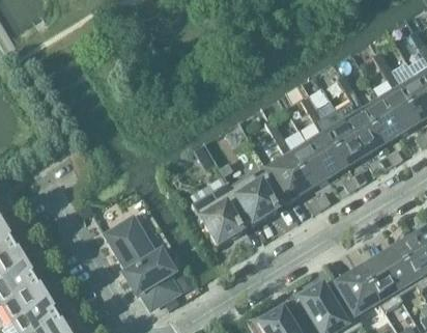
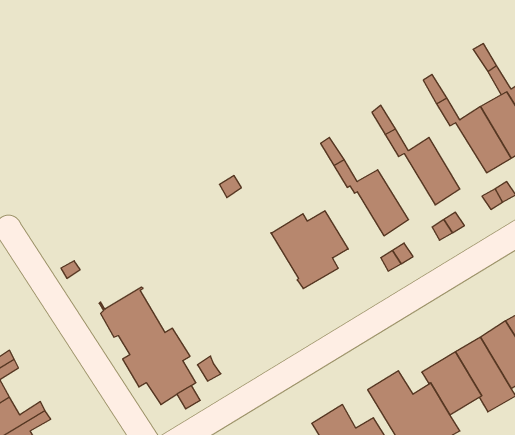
building: [341,107,381,154] -> none
building: [305,129,345,175] -> none
building: [267,156,309,201] -> none
building: [191,181,249,246] -> none

